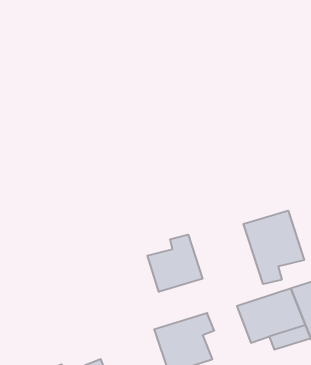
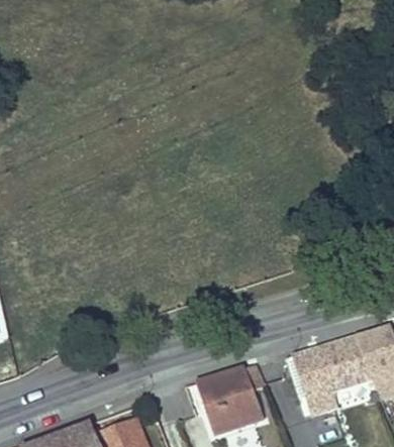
building: [243,211,304,284] -> none
building: [147,235,203,292] -> none

